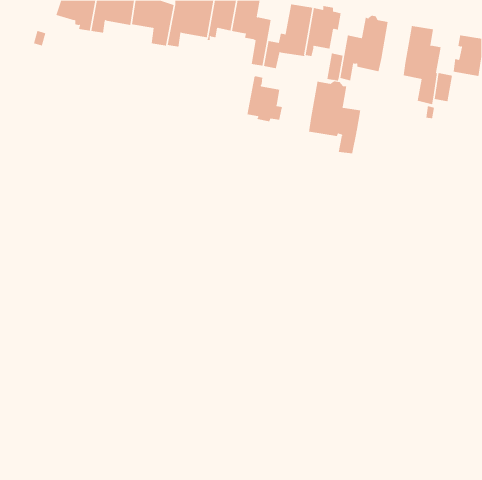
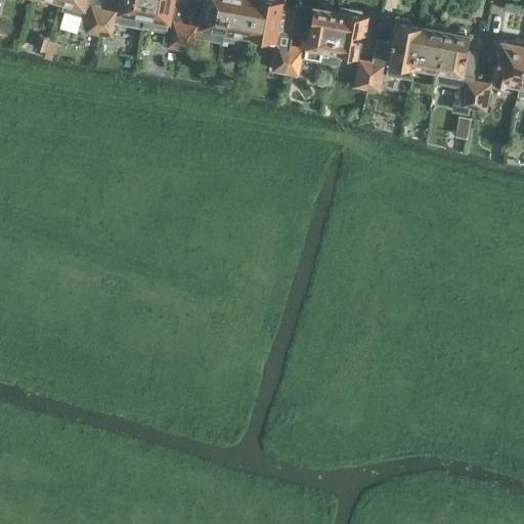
building: none -> [414,26,446,71]
building: [247,76,282,122] -> none
building: [309,80,361,154] -> none

